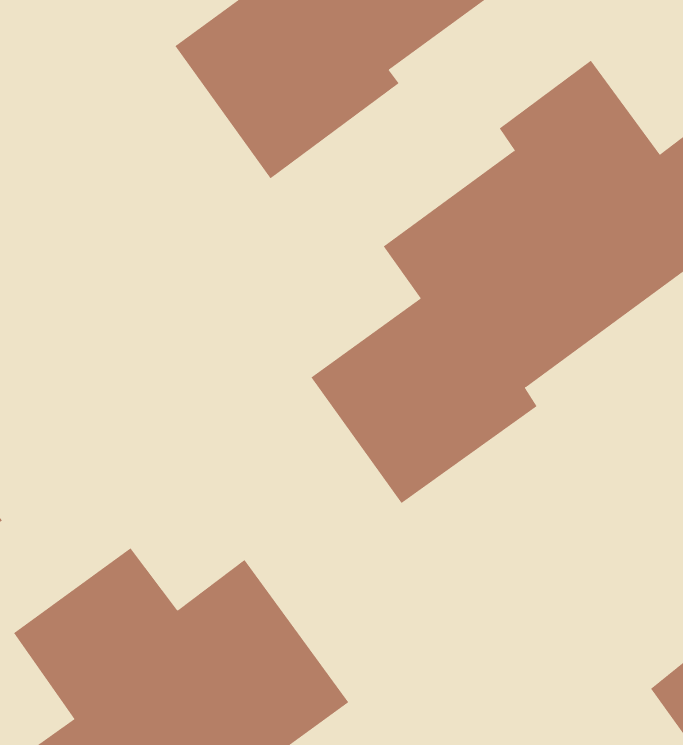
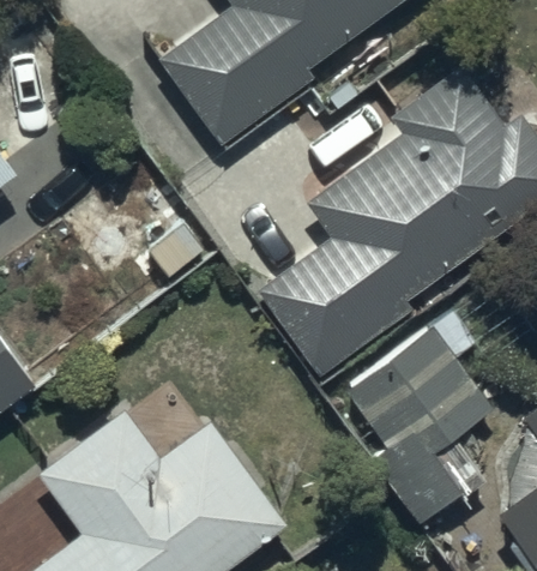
building: none -> [343,312,493,515]

